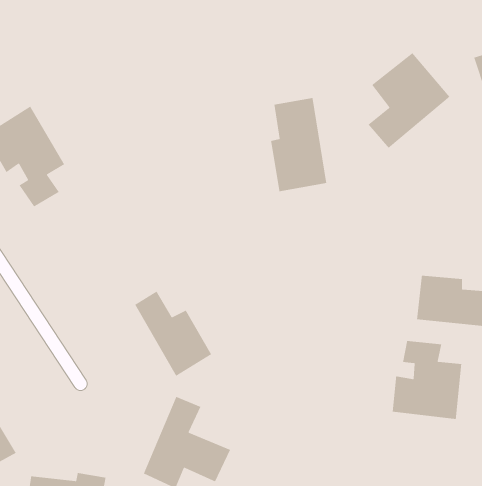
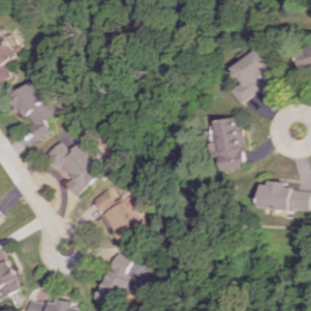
building: [270,97,327,192] -> [214,116,248,173]
building: none -> [42,141,100,195]
building: [392,340,462,420] -> none

